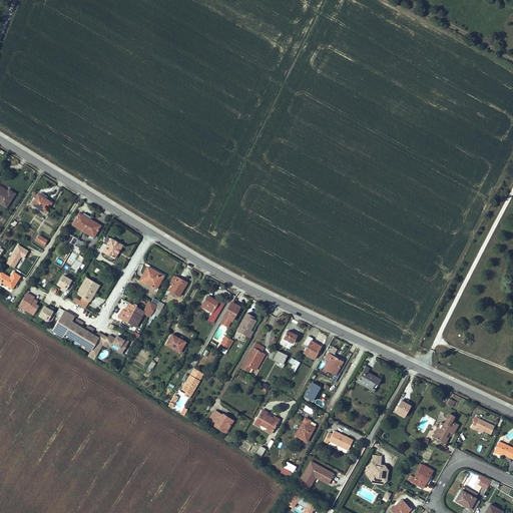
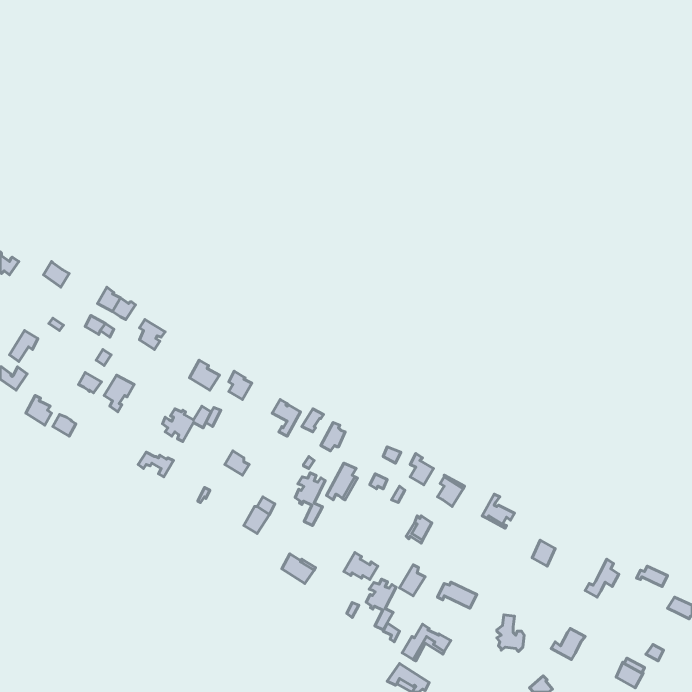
building: [52,312,101,353] -> none
building: none -> [295,473,325,525]
building: none -> [366,579,396,630]

